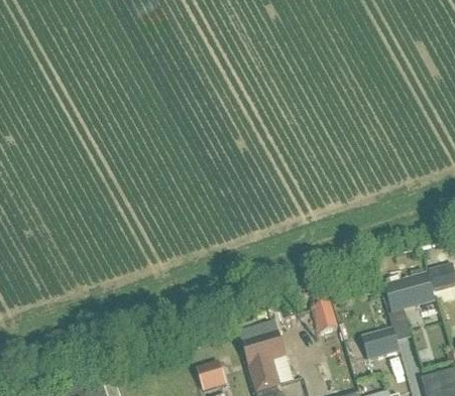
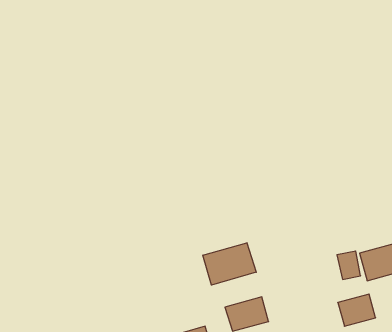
building: none -> [203,243,256,285]
building: [312,301,337,332] -> [337,251,361,279]

